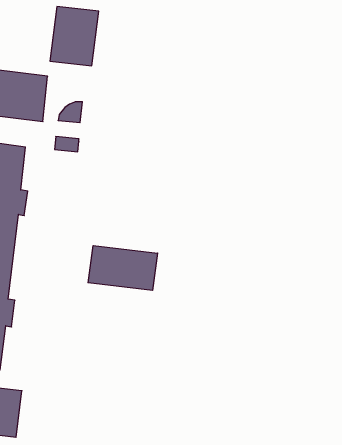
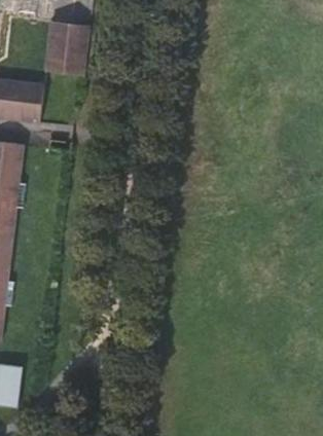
building: [88,246,158,290] -> none

